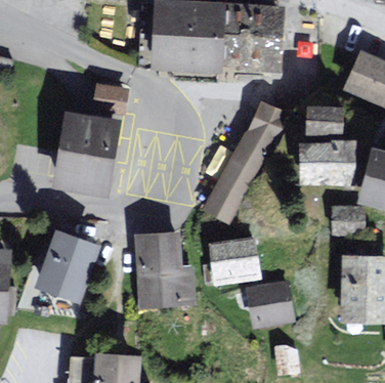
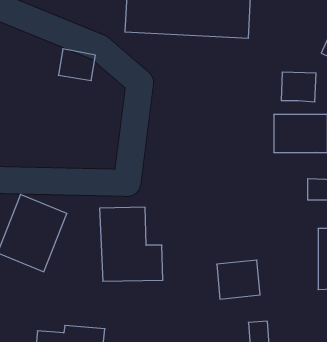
building: [204,100,284,224] -> none
building: [53,108,120,190] -> none
building: [214,238,258,280] -> none

